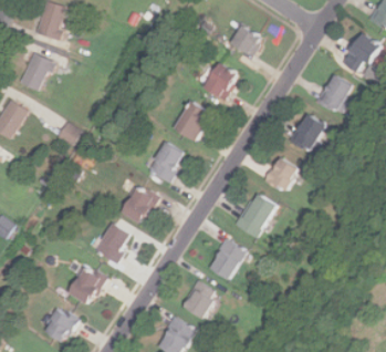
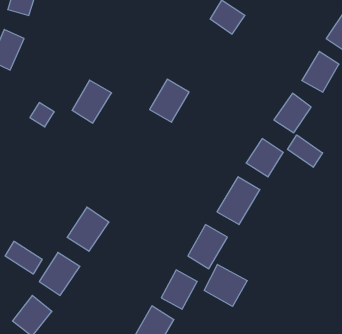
building: [201,61,239,101] -> none
building: [148,141,186,182] -> [72,80,112,123]
building: none -> [287,135,323,167]
building: [121,184,159,225] -> none
building: none -> [5,241,42,274]
building: none -> [204,264,247,306]

